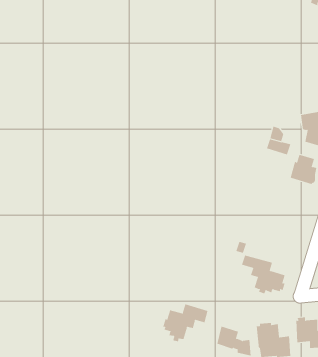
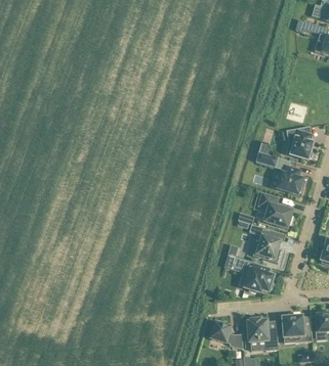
building: none -> [258,192,294,228]
building: none -> [249,223,282,262]
building: [163,303,208,342] -> none

